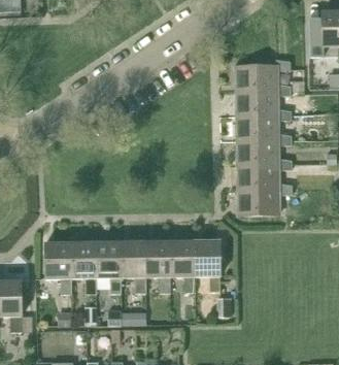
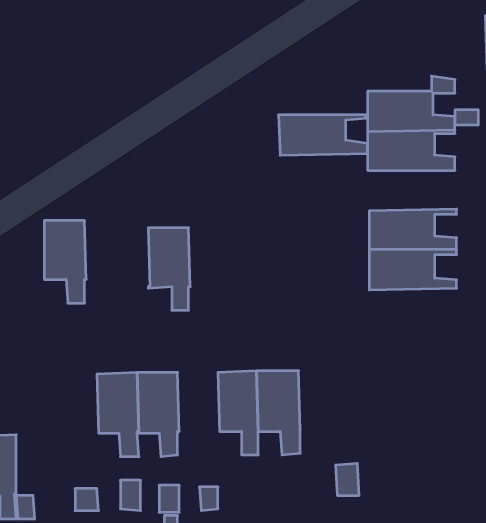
building: [236,118,291,142] -> [278,115,368,155]
building: [237,190,291,214] -> none
building: [194,240,221,291] -> none
building: [120,241,145,292] -> [148,228,190,310]
building: [45,242,71,293] -> [44,221,86,303]

